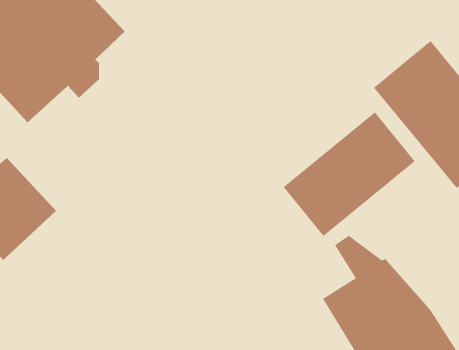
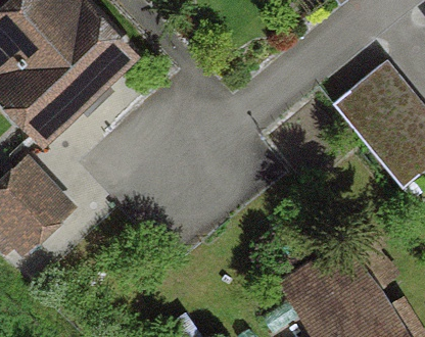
building: [283,112,415,237] -> none

